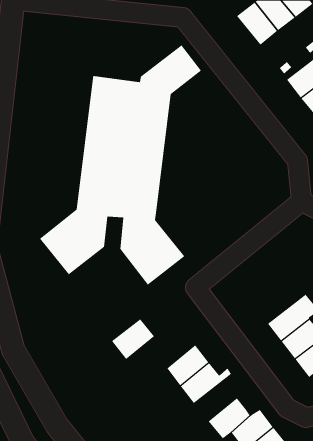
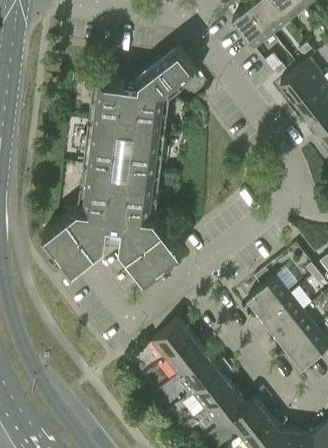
building: none -> [247,276,289,316]
building: [111,318,155,360] -> [150,319,192,359]
building: none -> [190,364,232,410]

